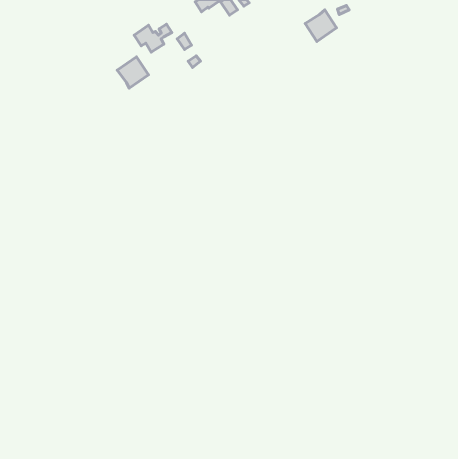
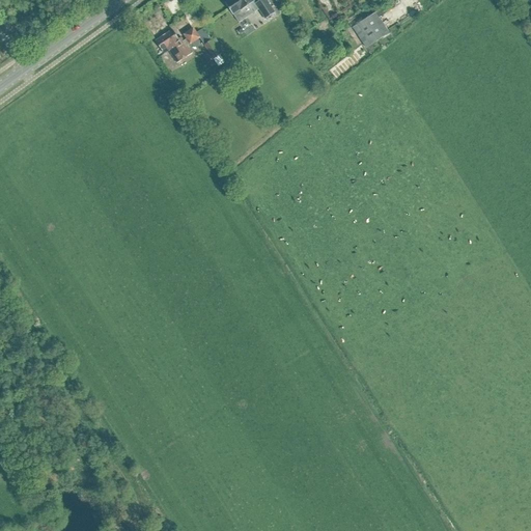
building: [117,57,149,88] -> none

